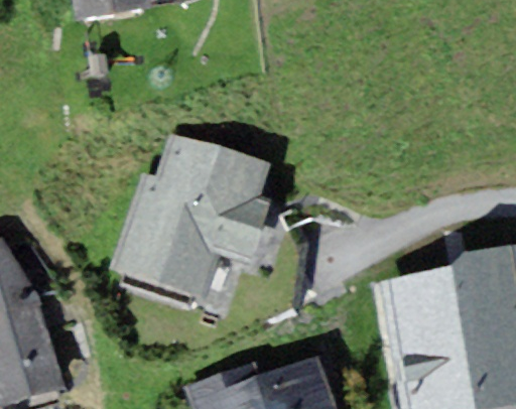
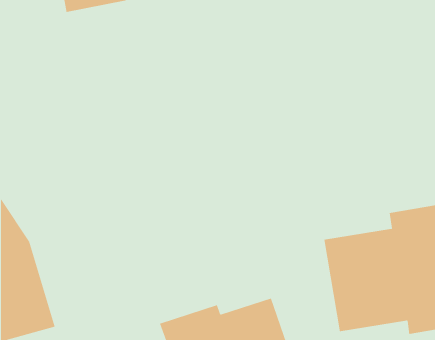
building: [113,134,268,297] -> none

